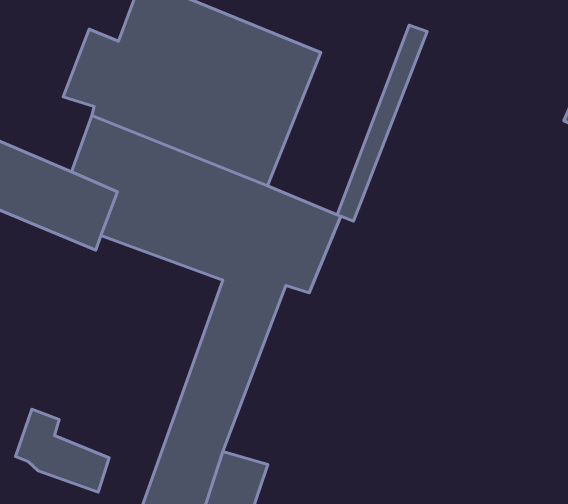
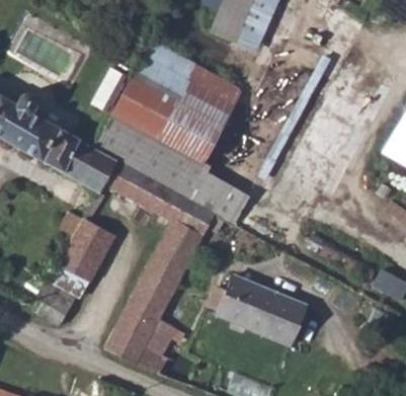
building: none -> [61,221,113,282]
building: none -> [217,276,305,344]

